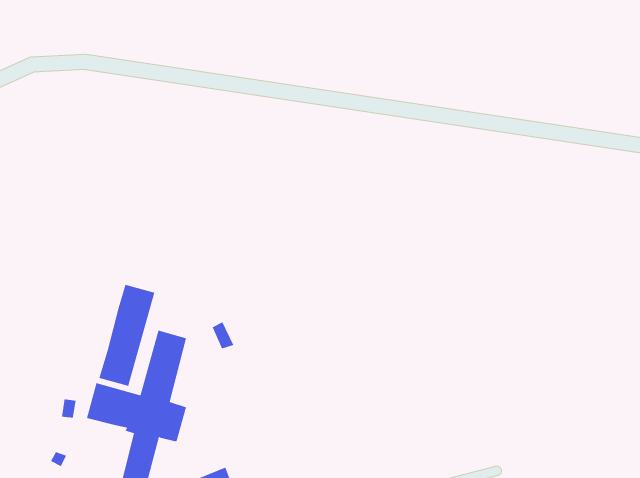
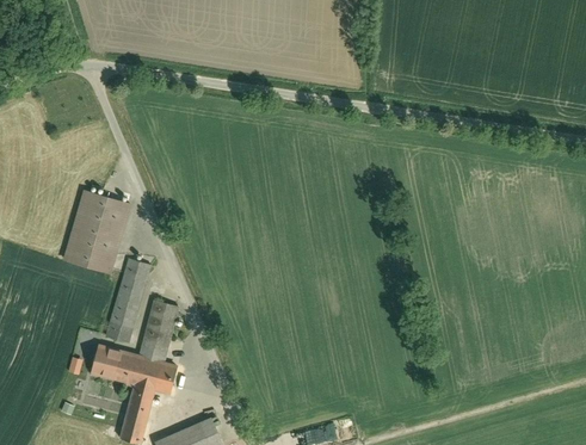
building: none -> [62,188,132,276]

